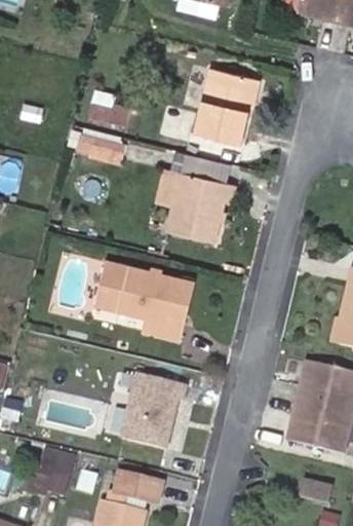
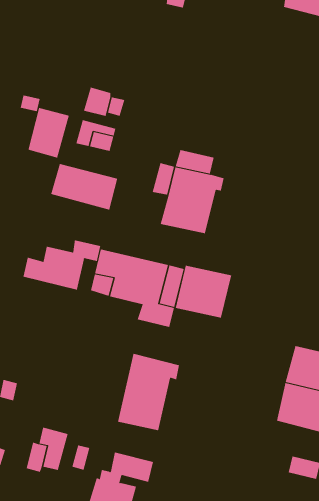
building: [195,69,254,146] -> none
building: none -> [28,107,69,159]
building: none -> [50,163,118,211]
building: none -> [23,239,101,291]
building: none -> [175,265,232,319]

